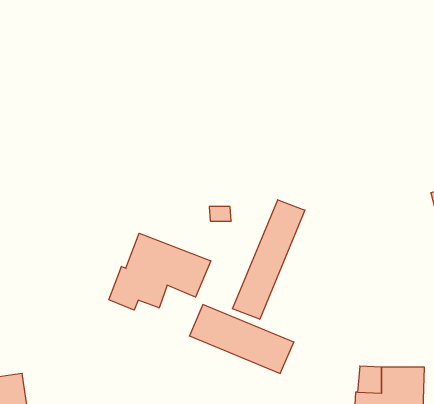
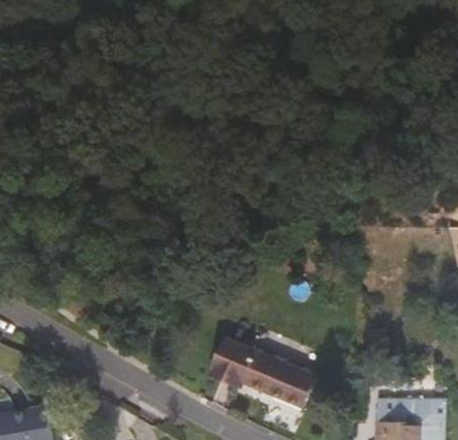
building: [233,200,305,319] -> none
building: [109,233,211,310] -> none

